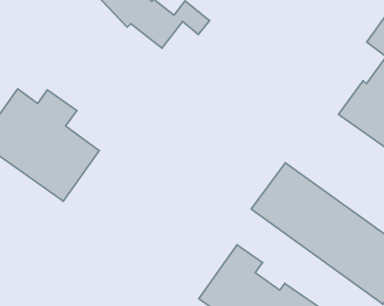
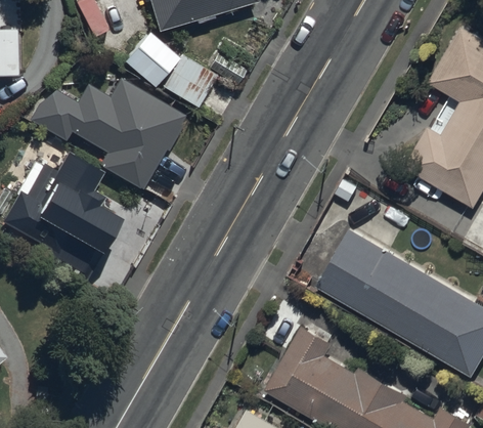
building: none -> [28,90,188,203]

